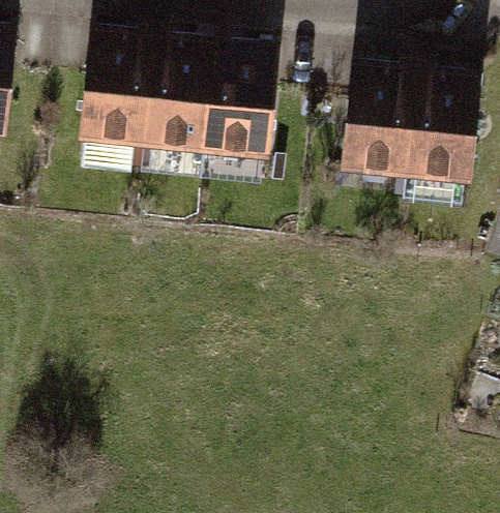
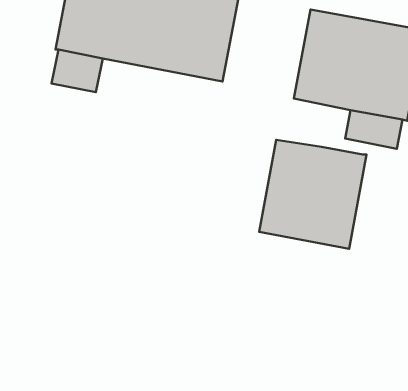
building: none -> [259,140,367,249]

